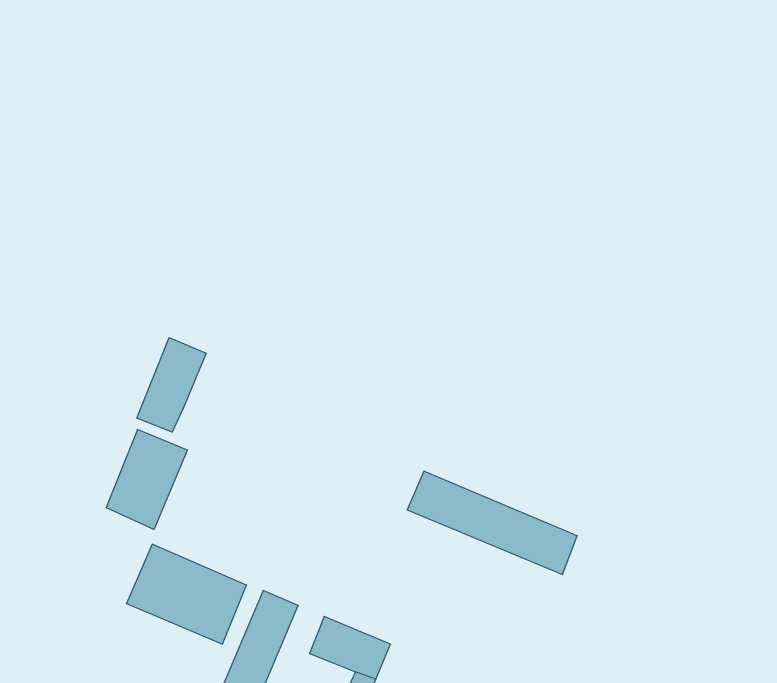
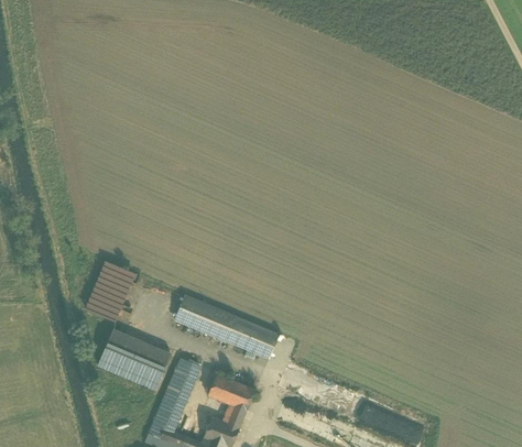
building: [137,338,206,432] -> none
building: [407,471,577,575] -> [176,296,278,358]

